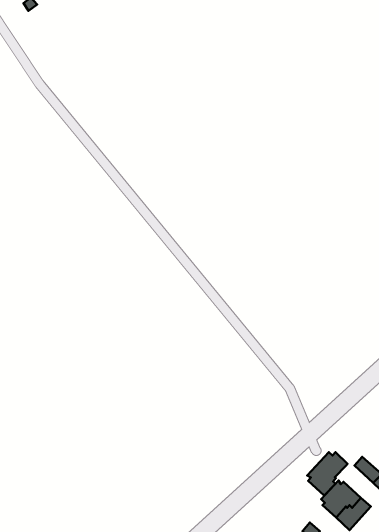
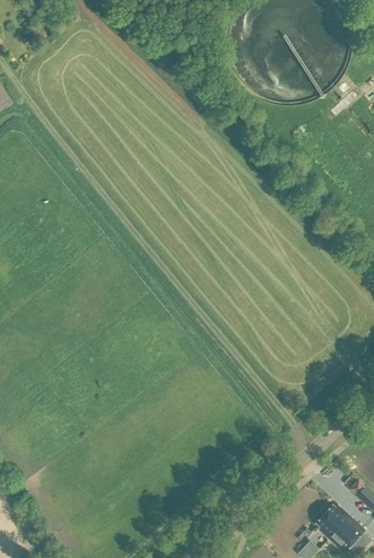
building: [307,452,348,495] -> none

